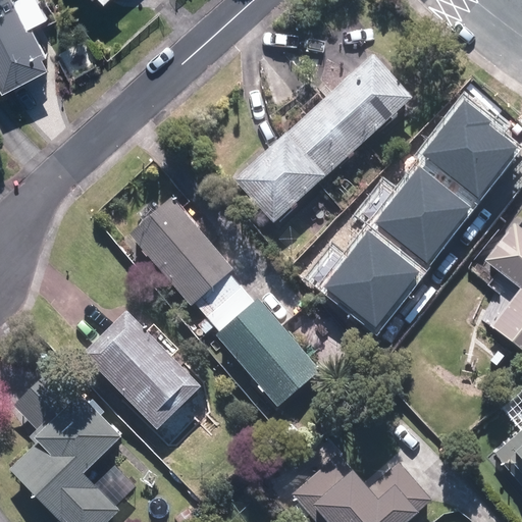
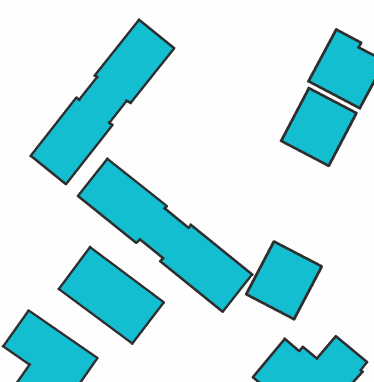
building: none -> [31,20,174,184]
building: [236,56,411,222] -> none
building: [324,231,418,326] -> [246,242,322,319]

